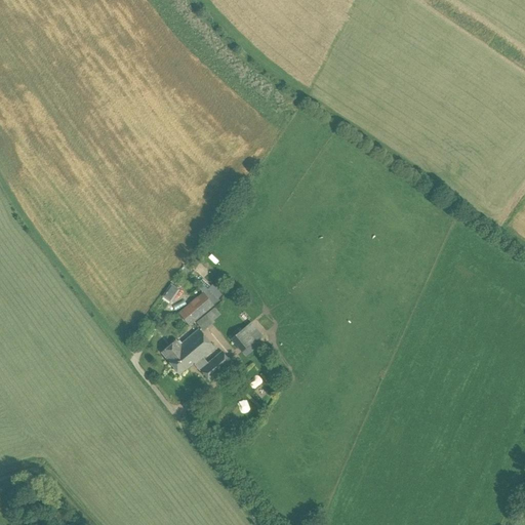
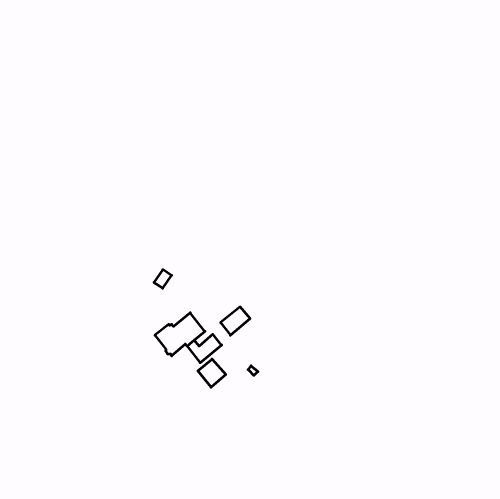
building: [179,287,220,324] -> none
building: none -> [198,359,226,387]

